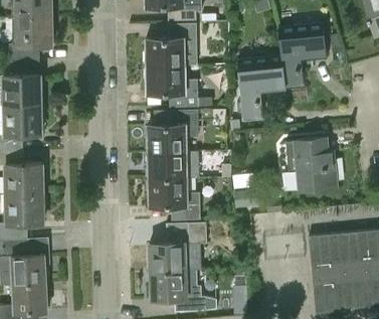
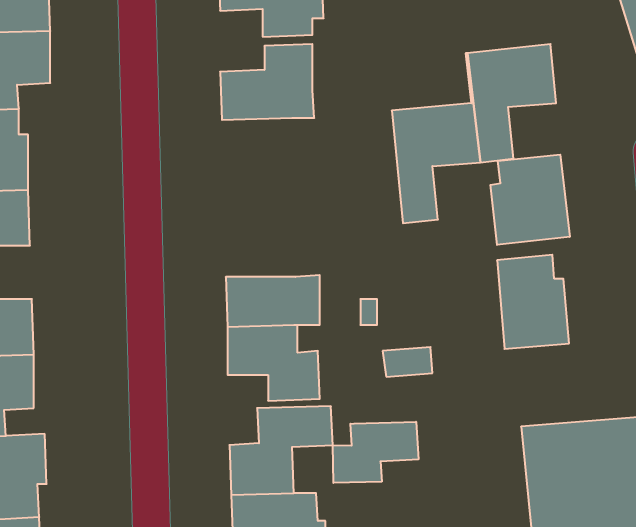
building: [146,65,213,107] -> none
building: none -> [490,155,570,245]
building: [147,111,197,152] -> none
building: none -> [333,422,418,483]

